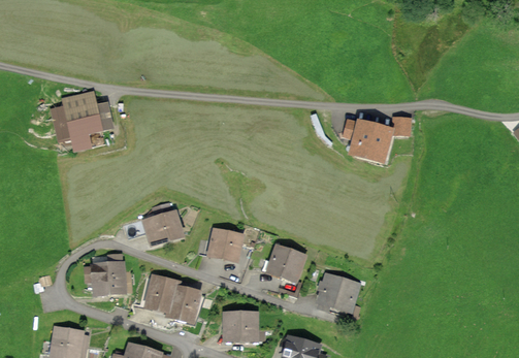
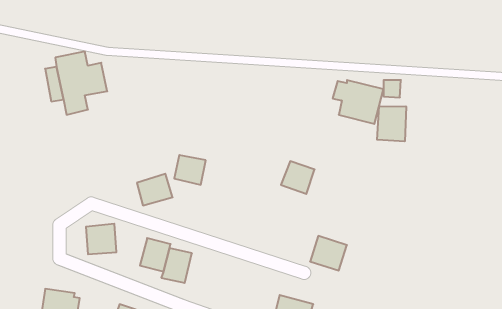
building: none -> [377,106,406,141]
building: [209,229,241,259] -> [174,155,206,185]
building: [268,248,302,281] -> [281,161,315,194]
building: [225,315,256,339] -> none

